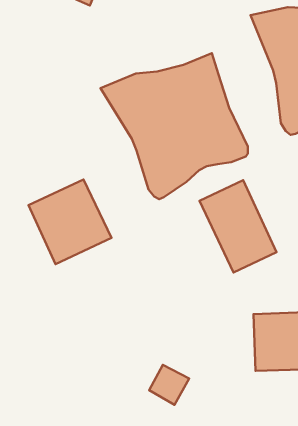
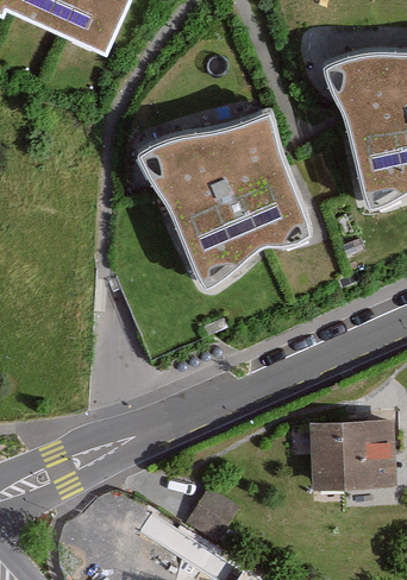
building: [28,179,112,264] -> none
building: [200,180,276,272] -> none

